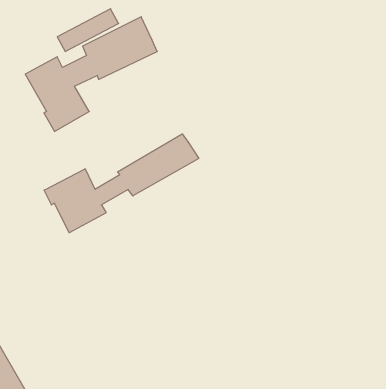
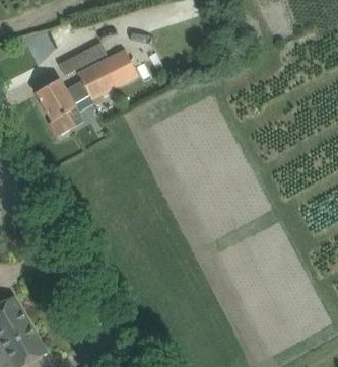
building: [44,134,199,233] -> none

